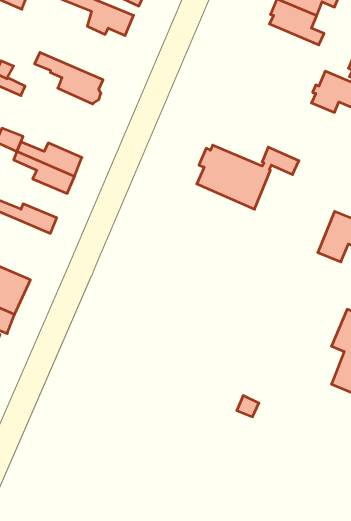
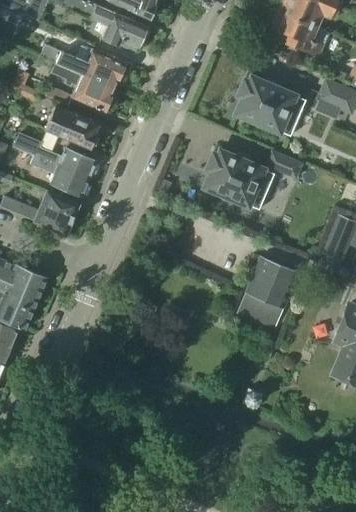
building: none -> [39,44,126,87]
building: none -> [235,75,306,136]
building: none -> [44,105,98,147]
building: none -> [39,190,77,218]
building: none -> [238,258,296,328]

